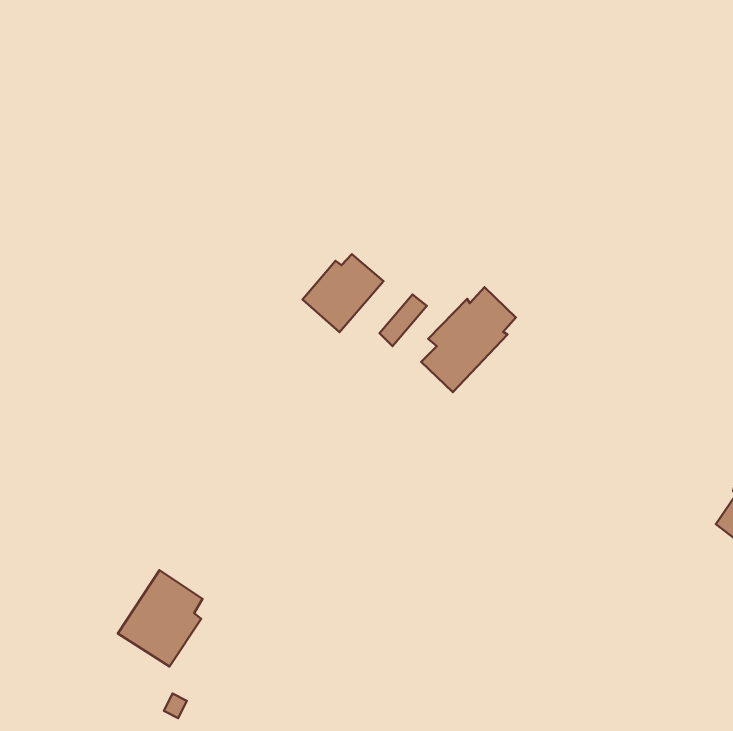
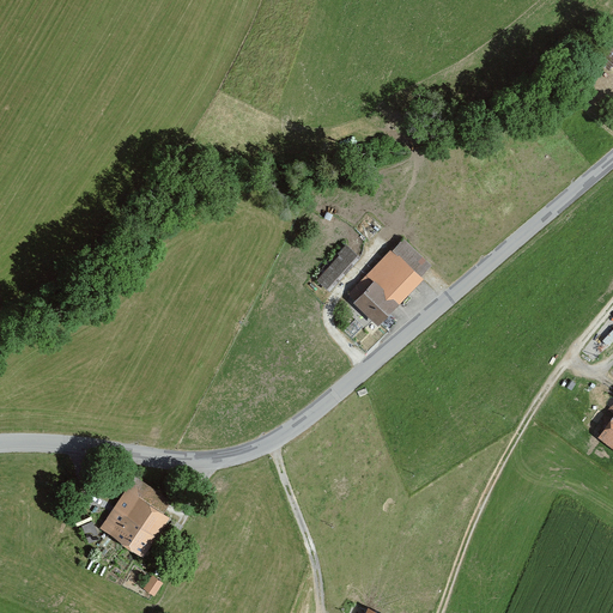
building: [303,254,384,332] -> none

